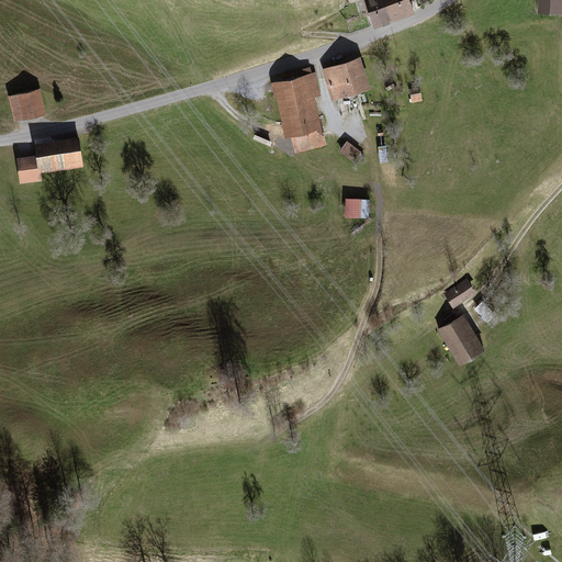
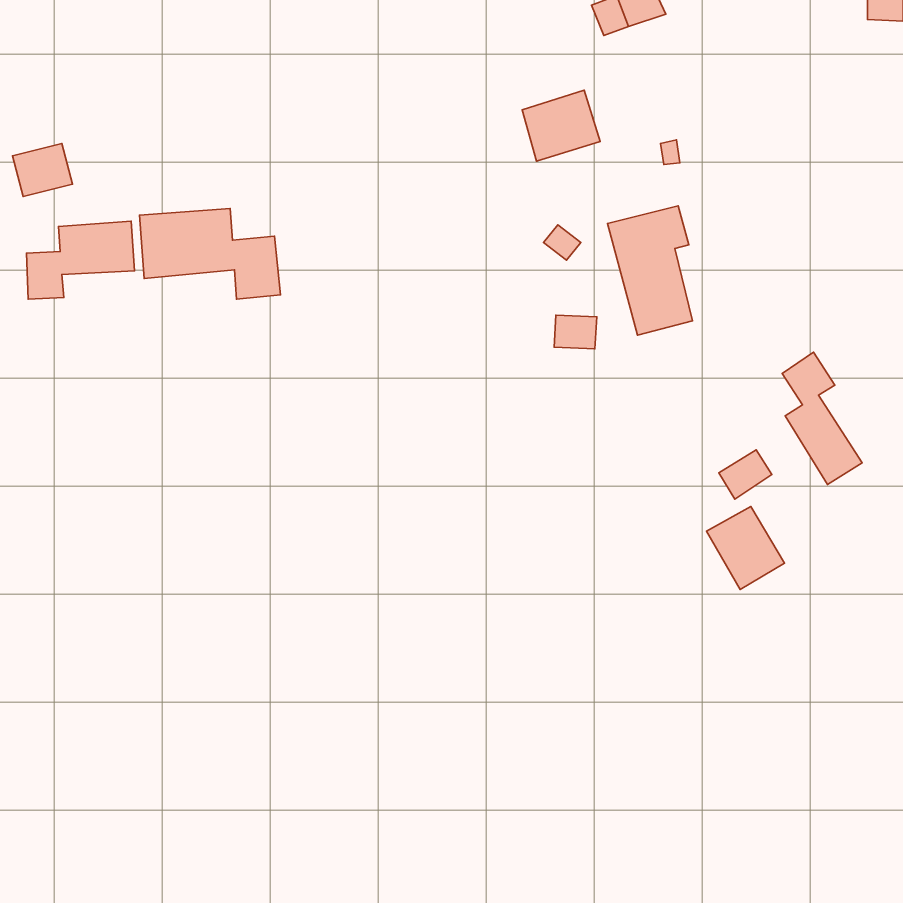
building: [270,70,323,150] -> [607,206,692,335]
building: none -> [139,209,281,299]
building: none -> [782,352,862,484]

